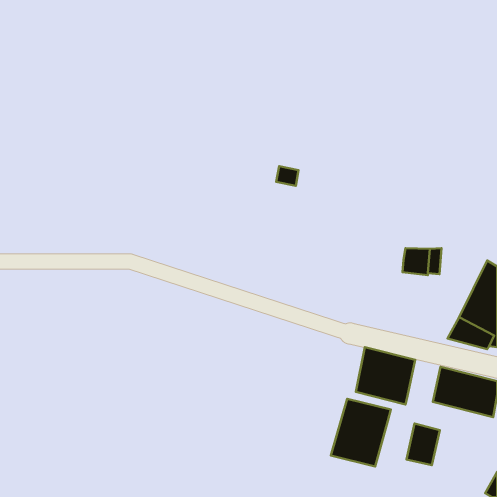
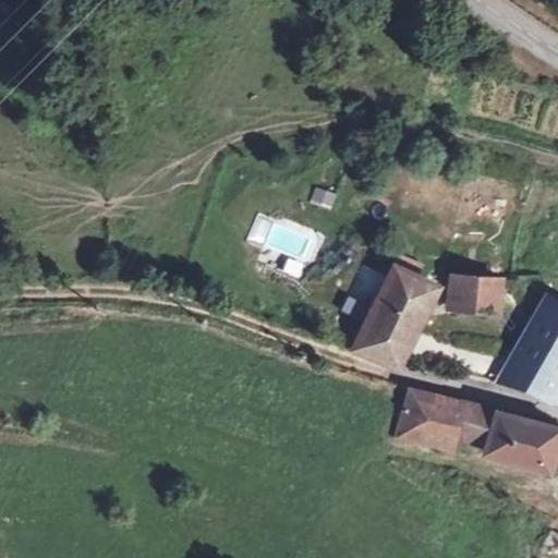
building: none -> [351,264,430,362]
building: [331,399,391,466] -> none
building: [407,423,440,465] -> [457,403,494,450]

